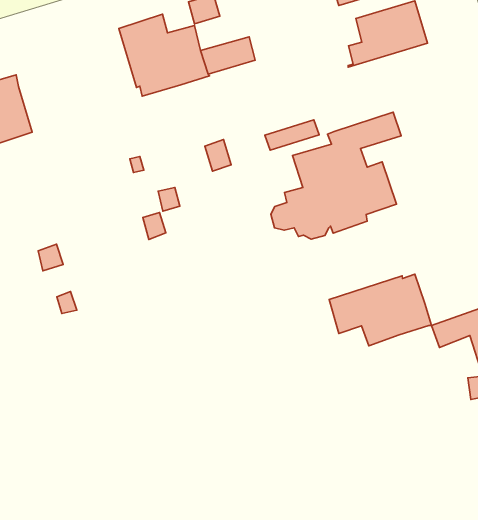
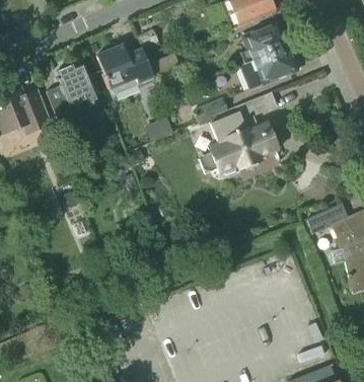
building: none -> [46,63,97,120]
building: none -> [240,48,298,90]
building: [329,274,432,346] -> none

